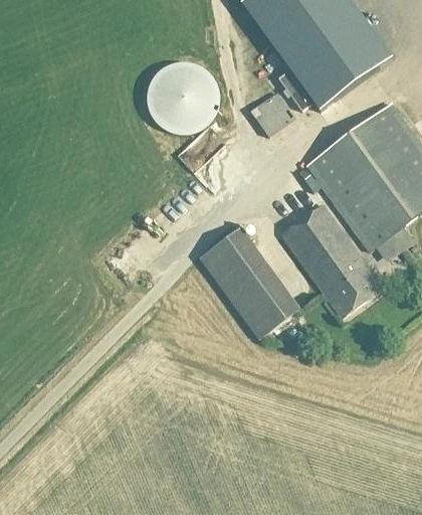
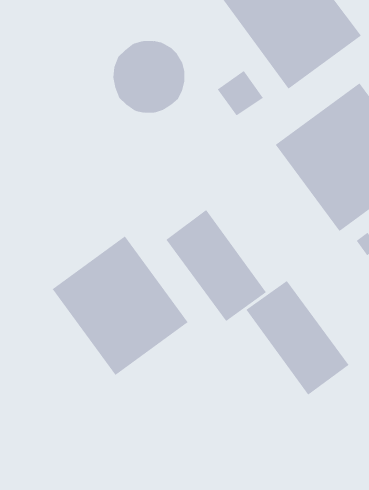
building: [280,203,383,317] -> [245,280,350,396]
building: none -> [52,236,189,376]

